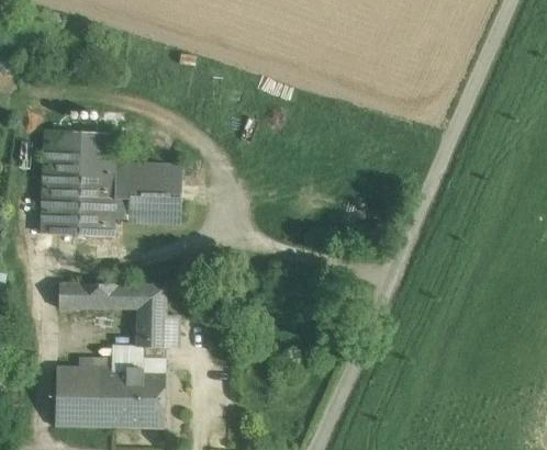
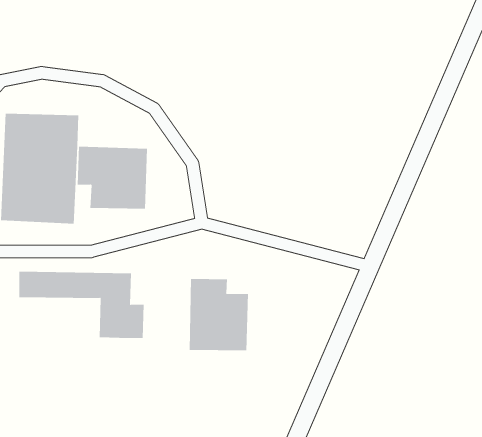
building: none -> [189,278,249,351]
building: [54,346,164,428] -> none

